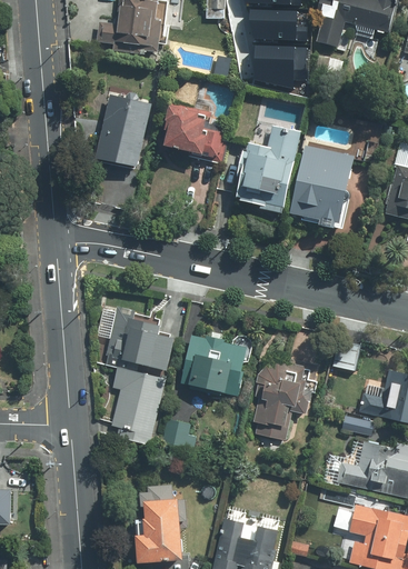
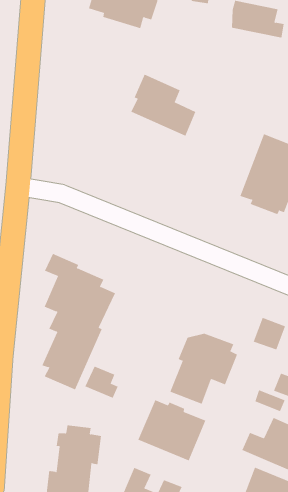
building: [255,47,306,89] -> none
building: [93,93,155,170] -> none
building: [236,124,300,208] -> none
building: [179,336,248,395] -> [137,399,206,461]

